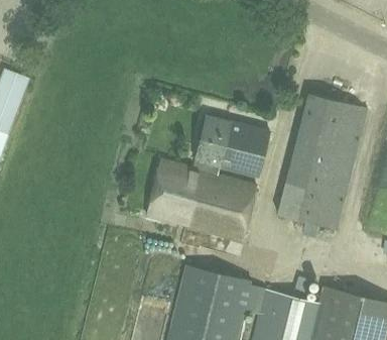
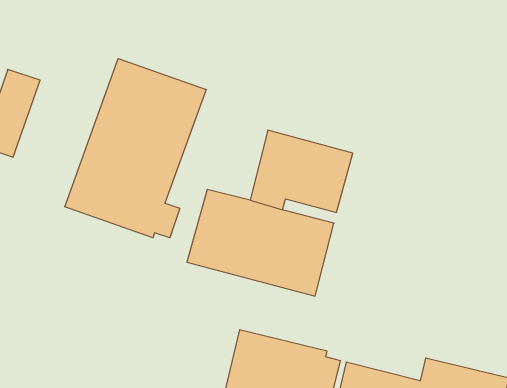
building: none -> [65,59,206,238]
building: [278,93,367,229] -> none

